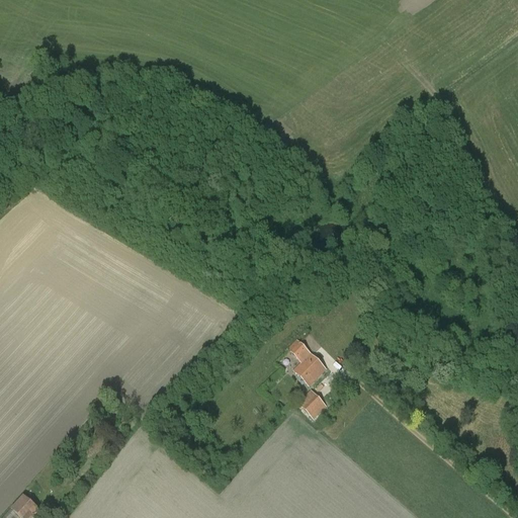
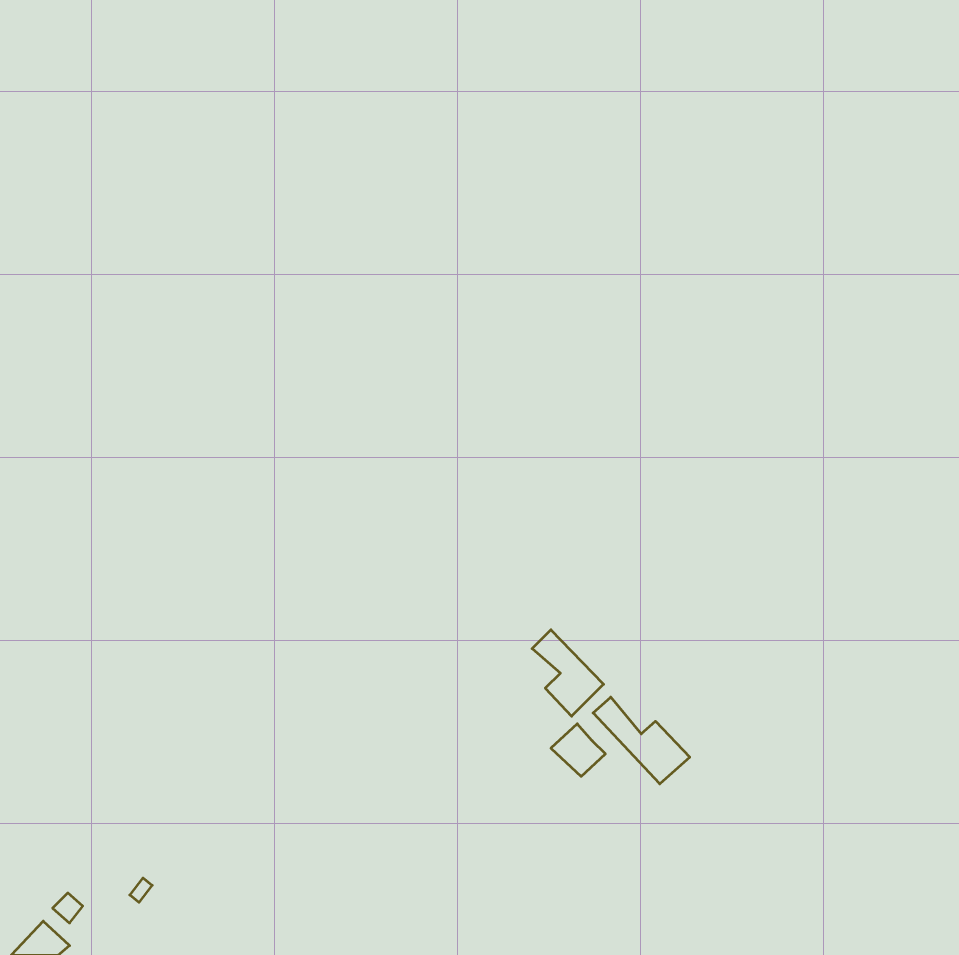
building: none -> [593,697,690,784]

